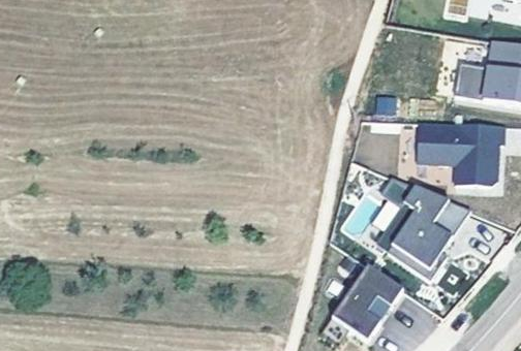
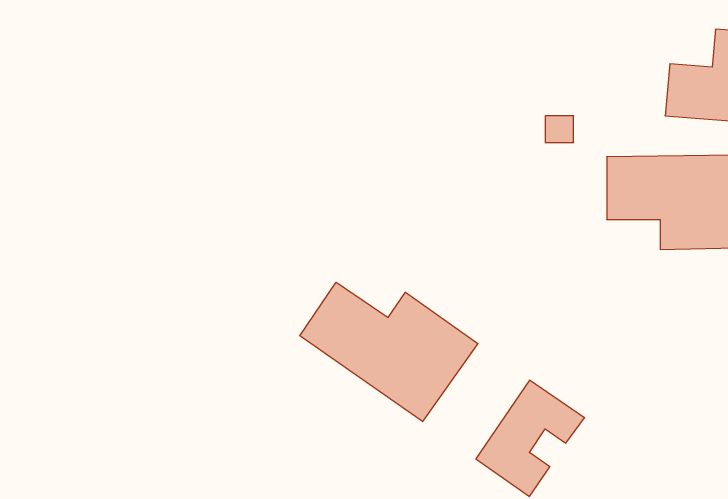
building: [387,180,472,282] -> none
building: none -> [300,282,478,422]

